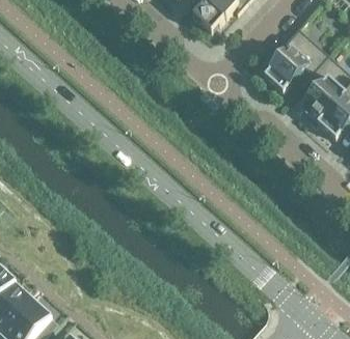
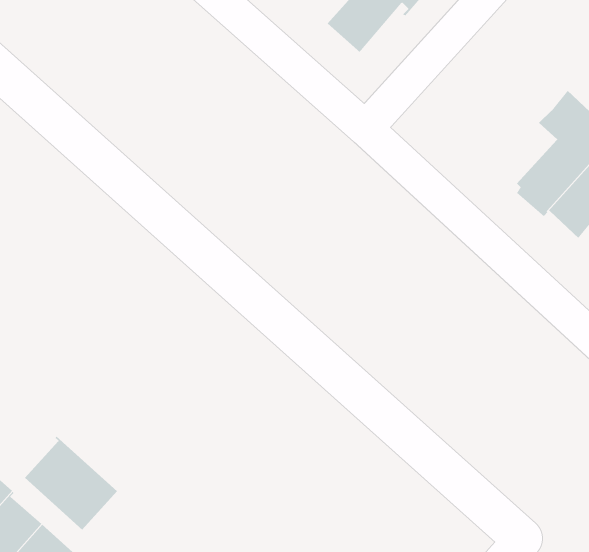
building: [264,27,328,90] -> none
building: none -> [24,436,118,530]

